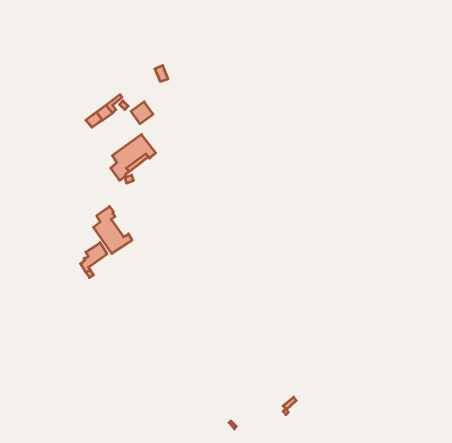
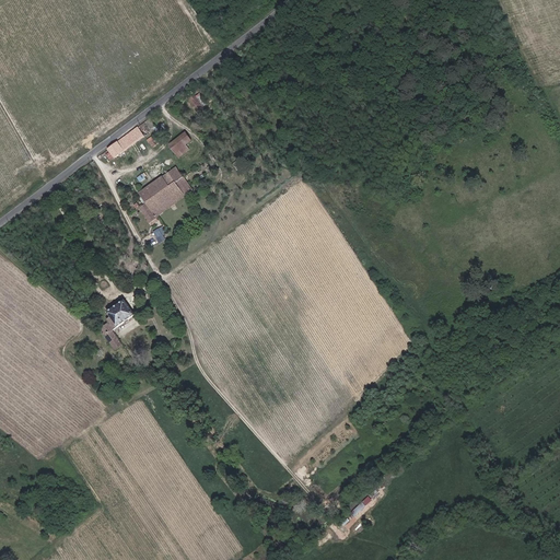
building: [93,206,132,254] -> none

